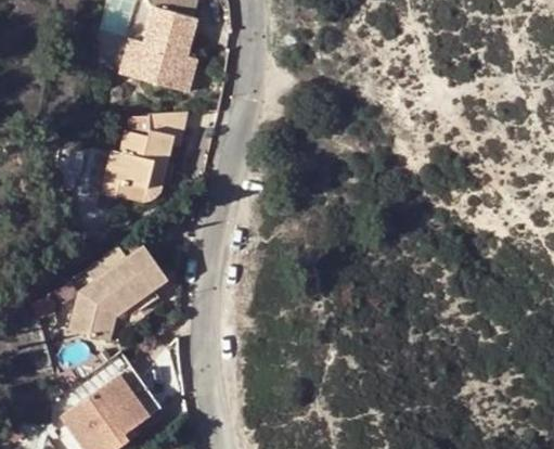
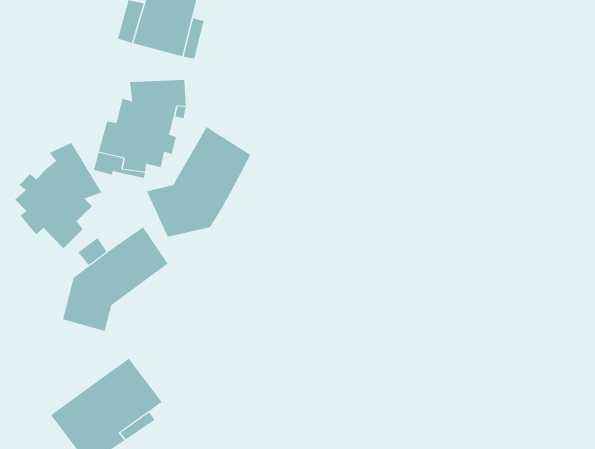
building: none -> [146,126,251,237]
building: none -> [14,142,102,249]

